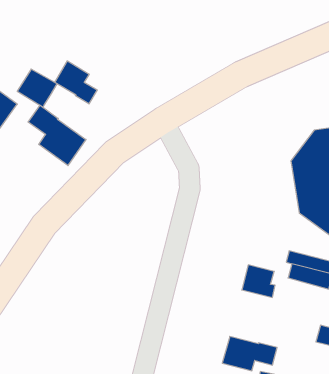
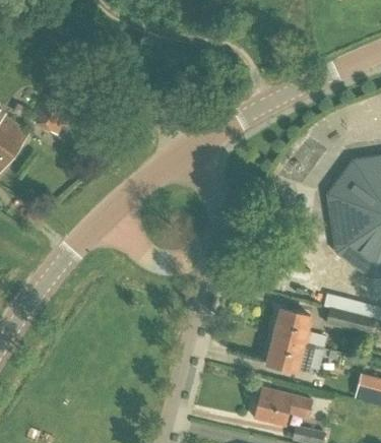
building: [55,61,97,104] -> none
building: [28,105,86,166] -> none
building: none -> [267,336,313,372]

